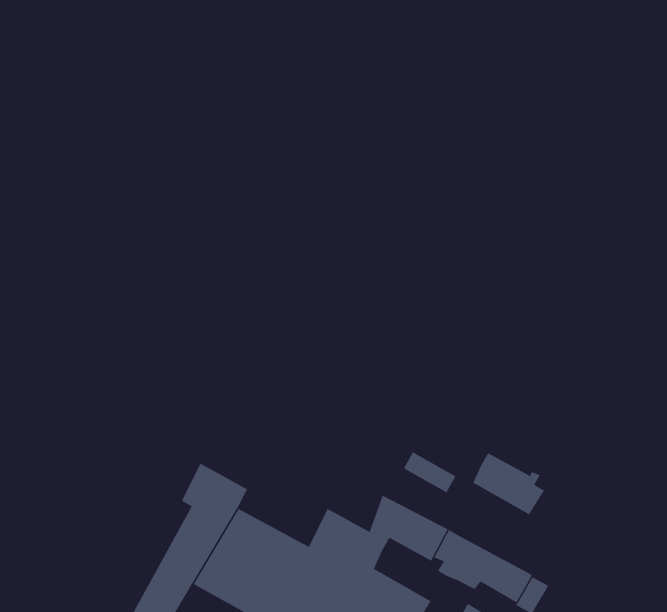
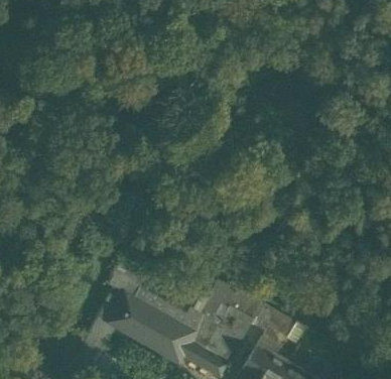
building: [473,452,545,515] -> [213,301,251,335]

